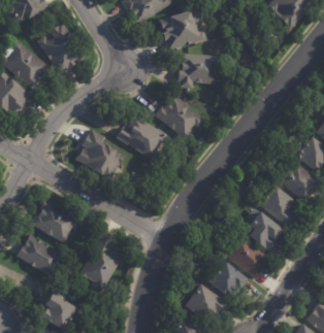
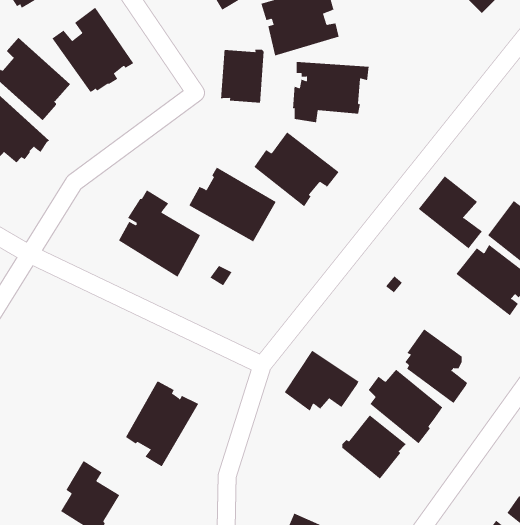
building: none -> [220,49,264,104]
building: [258,184,296,227] -> [418,175,483,249]
building: [32,199,84,242] -> none
building: [18,235,64,275] -> none
building: [177,281,222,318] -> [284,350,359,411]

